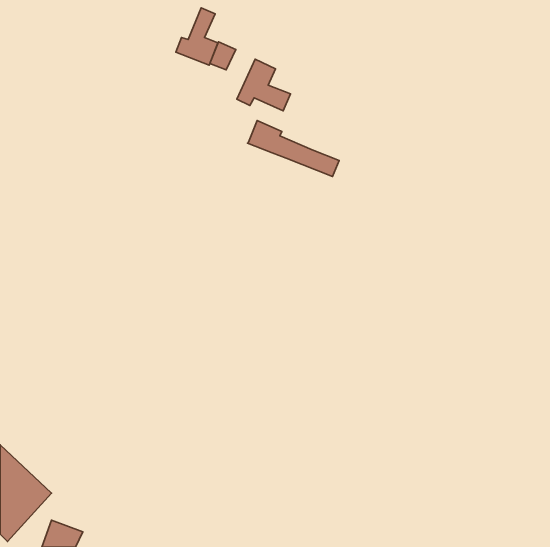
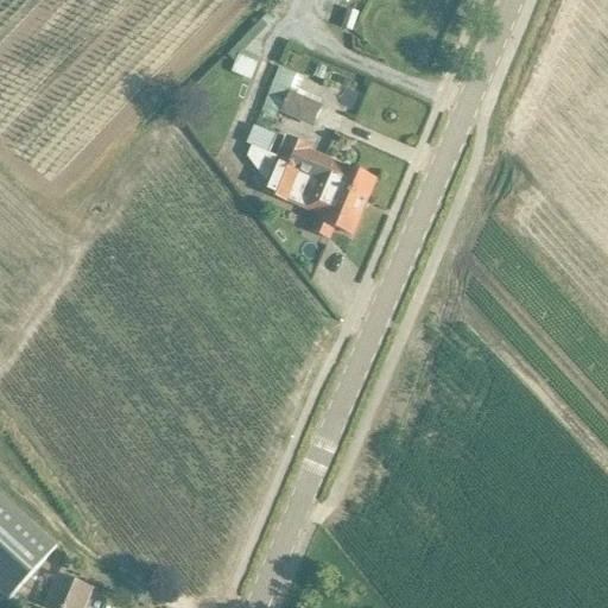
building: [176,8,218,65] -> none
building: none -> [246,142,367,235]

